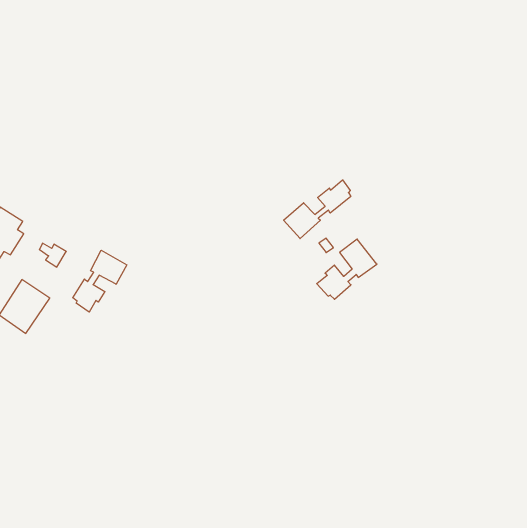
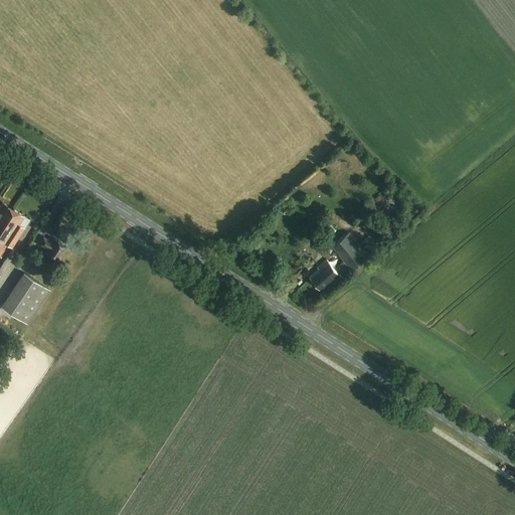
building: [284,180,351,239] -> none
building: [73,250,127,312] -> none

